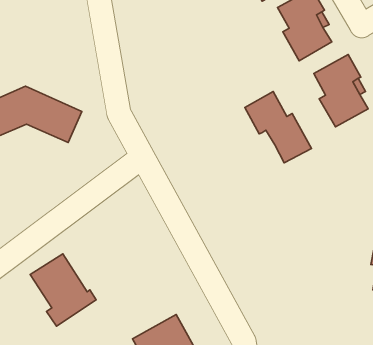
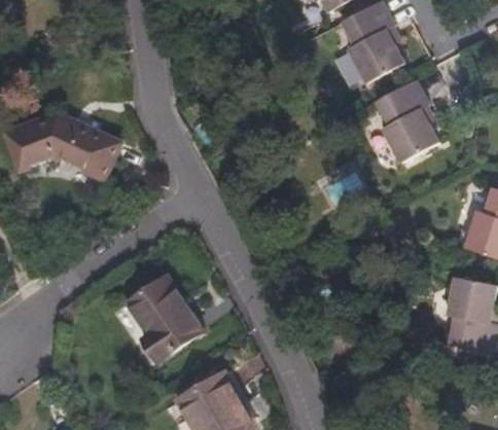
building: [245,91,312,163] -> none
building: [30,254,96,326] -> [126,279,201,361]

